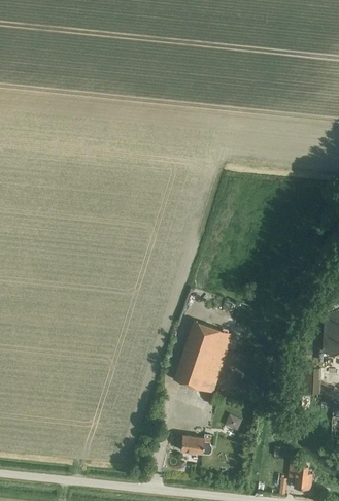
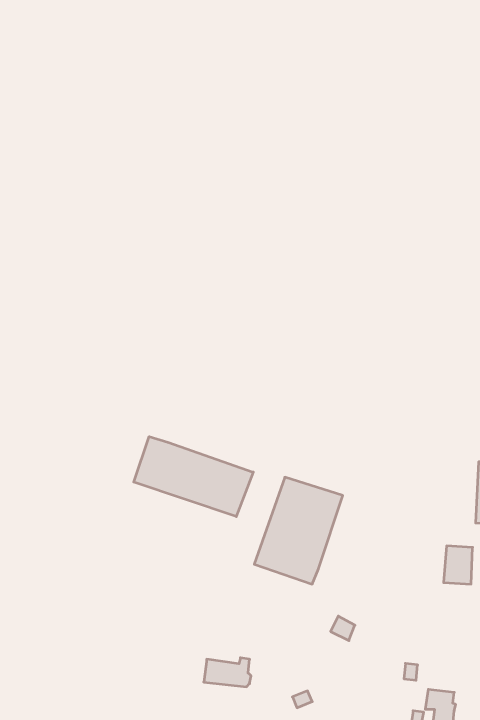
building: none -> [134,437,253,517]
building: [180,436,212,456] -> [204,658,251,687]

